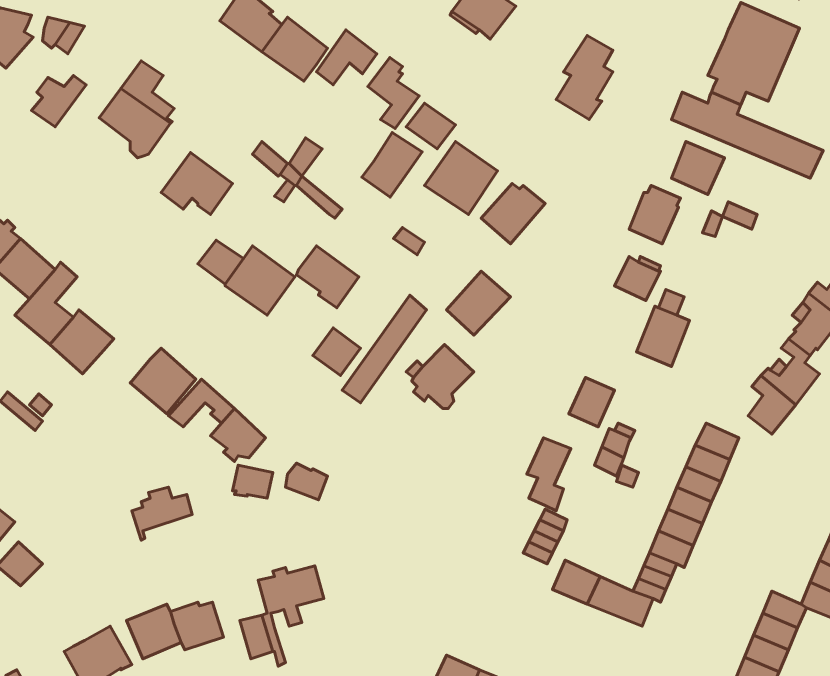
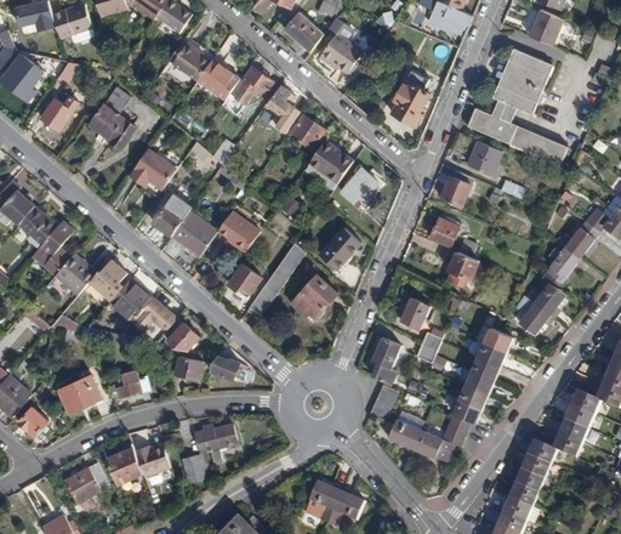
building: [362,133,422,197] -> none
building: none -> [89,260,125,300]
building: none -> [58,375,102,413]

